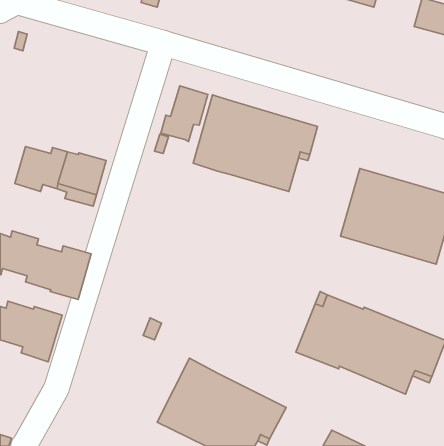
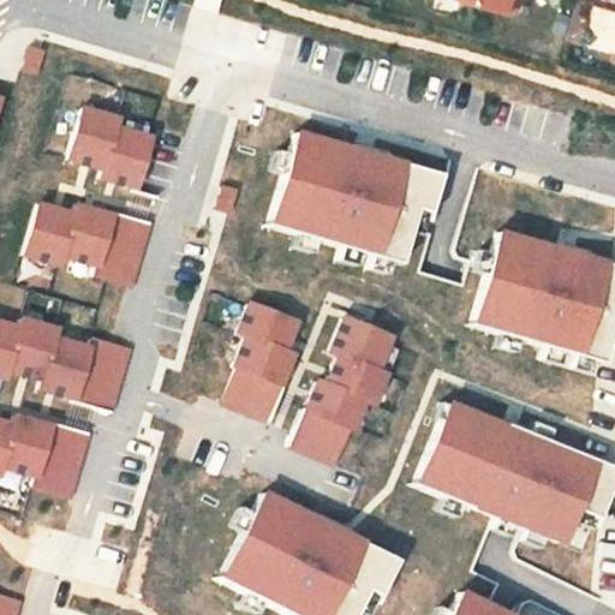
building: none -> [70,105,153,185]
building: [161,86,208,141] -> none
building: none -> [226,293,311,419]
building: none -> [293,305,410,465]

